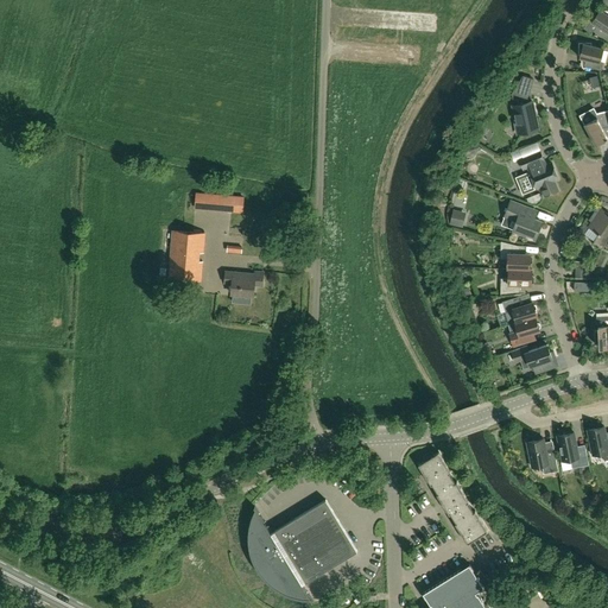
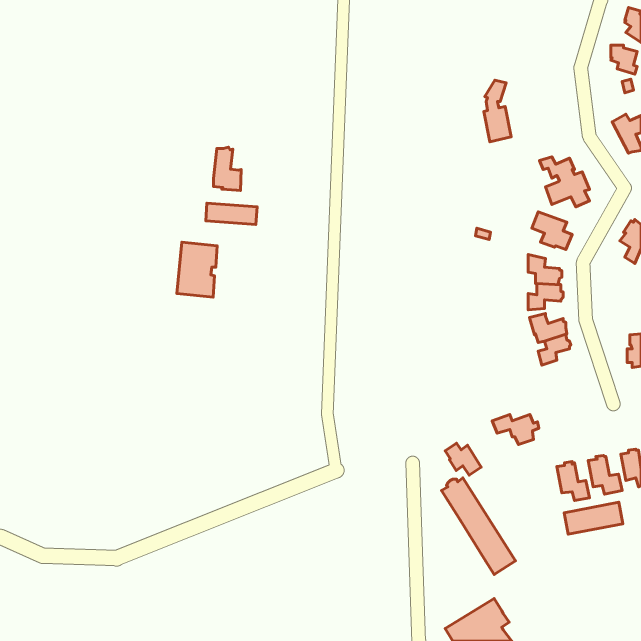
building: [512,76,538,134] -> [484,80,511,142]
building: none -> [213,147,241,191]
building: [224,271,264,296] -> none
building: [511,344,555,373] -> [492,414,539,445]
building: none -> [445,443,481,475]
building: none -> [564,502,623,534]
building: [249,500,357,602] -> none

